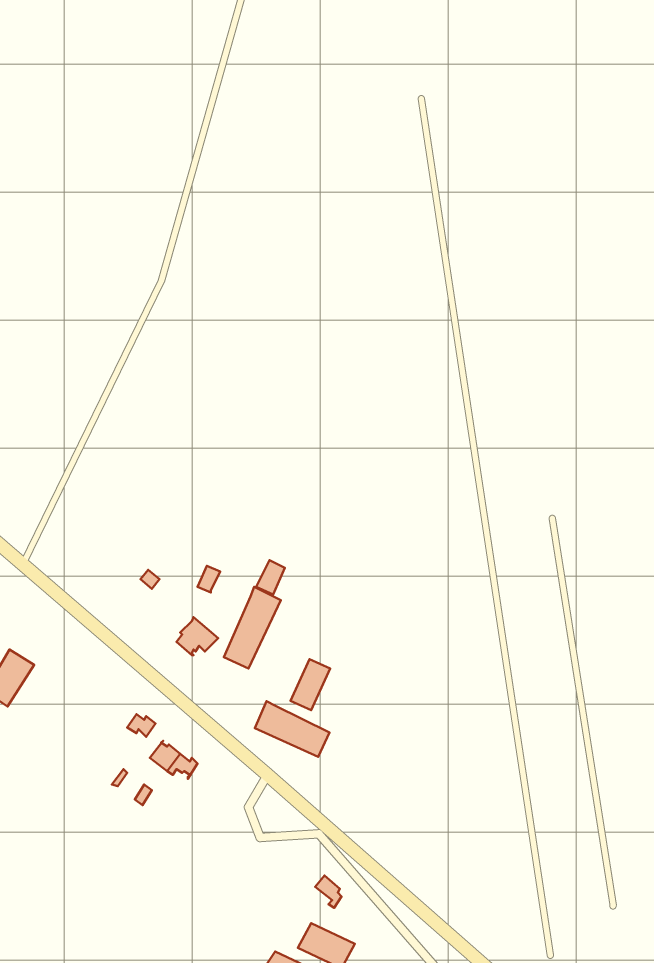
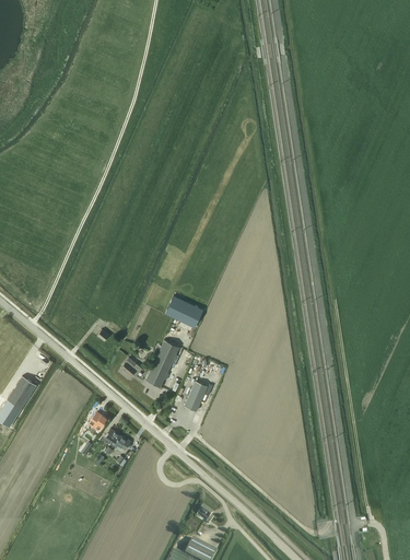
building: none -> [165,296,203,328]
building: [255,701,330,757] -> none

